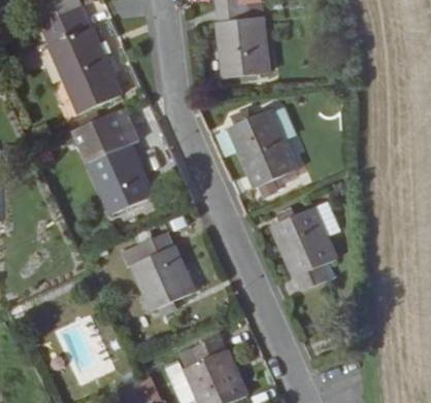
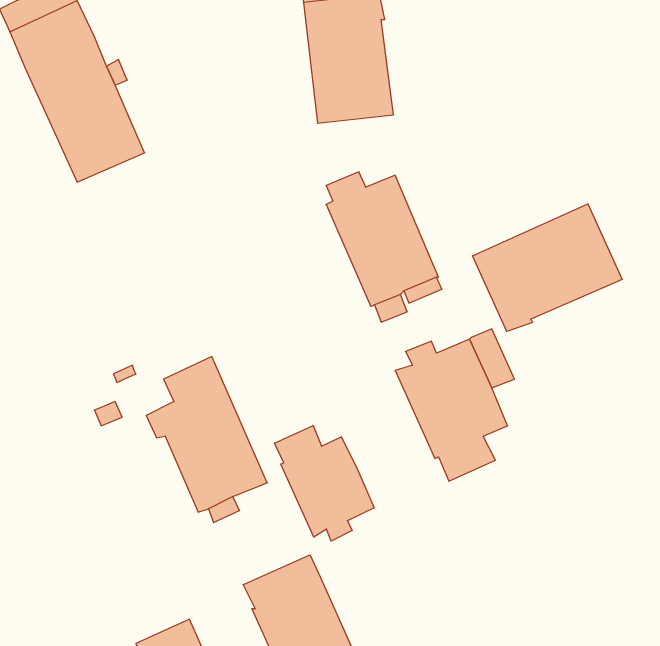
building: [73,108,152,214] -> none
building: none -> [473,204,622,331]
building: none -> [274,425,374,541]

